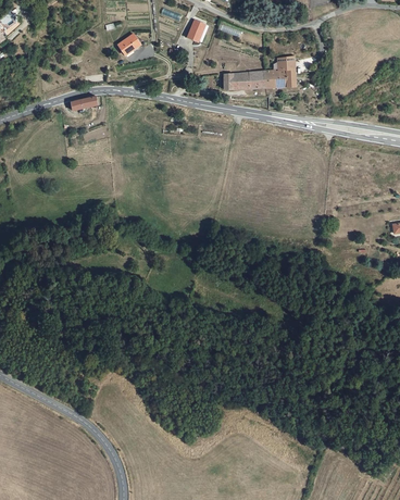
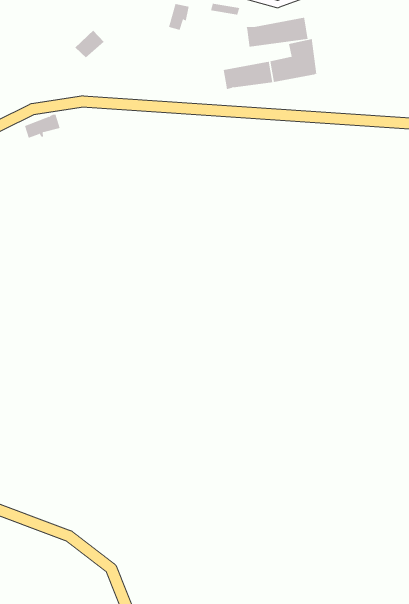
building: none -> [246,17,308,48]

